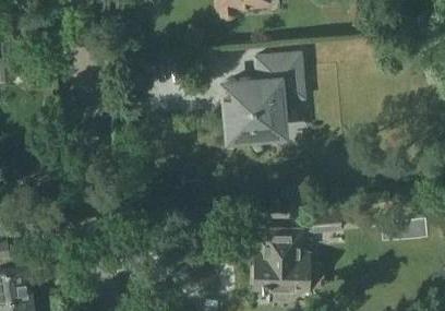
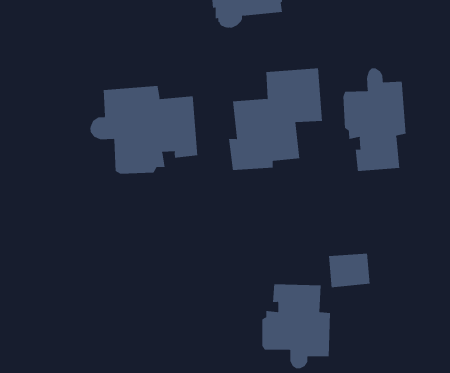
building: none -> [343,67,406,172]
building: none -> [90,85,198,175]

